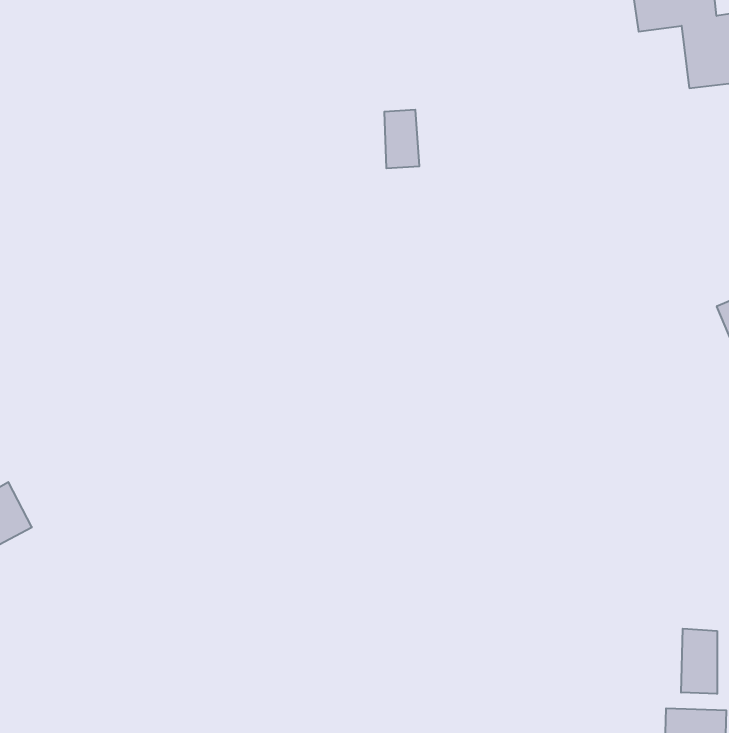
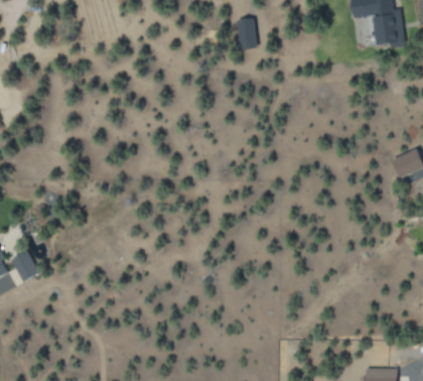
building: [384,110,419,168] -> [238,18,256,48]
building: [681,629,717,694] -> none

